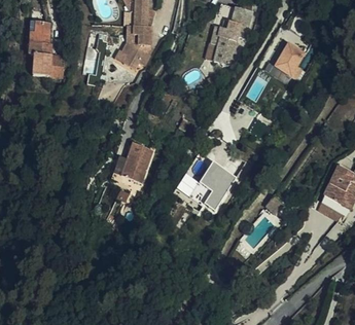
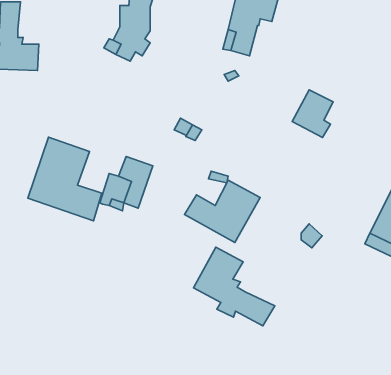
building: [275,41,307,78] -> [292,90,333,137]
building: none -> [28,137,102,221]
building: none -> [193,247,275,326]

